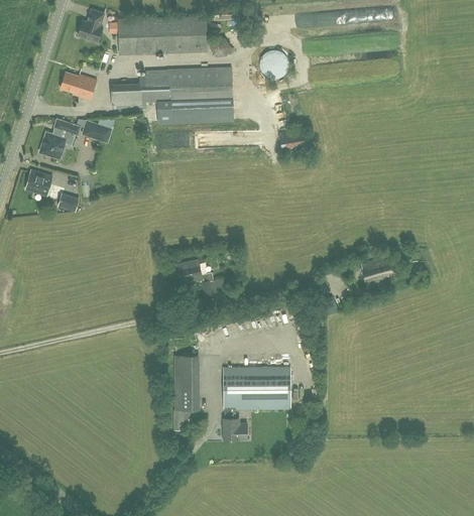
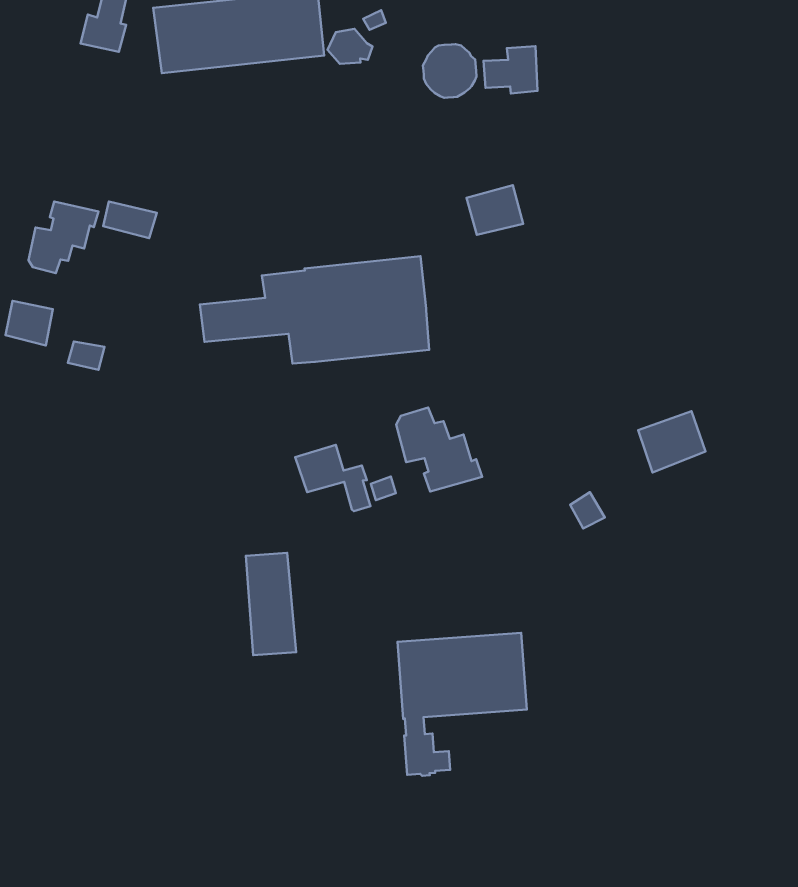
building: none -> [483,46,538,93]
building: [111,68,232,120] -> [200,256,429,364]
building: [60,72,96,100] -> none
building: none -> [396,408,482,491]
building: [174,356,198,409] -> [246,553,296,655]

